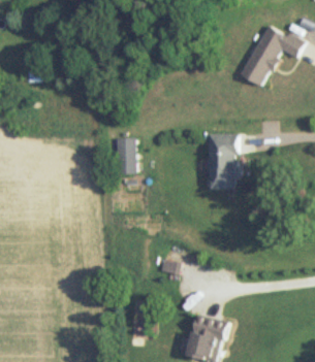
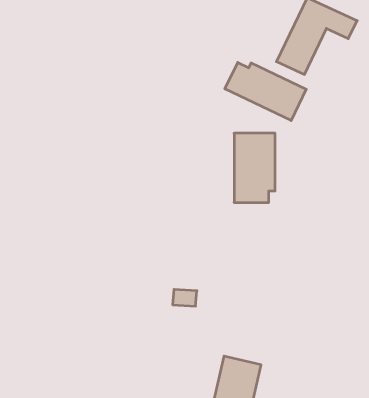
building: none -> [225,62,306,121]
building: [113,137,132,173] -> none

